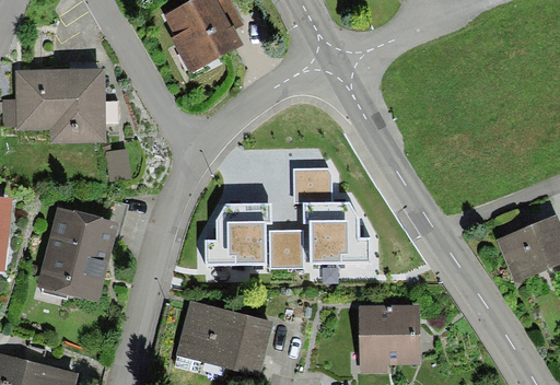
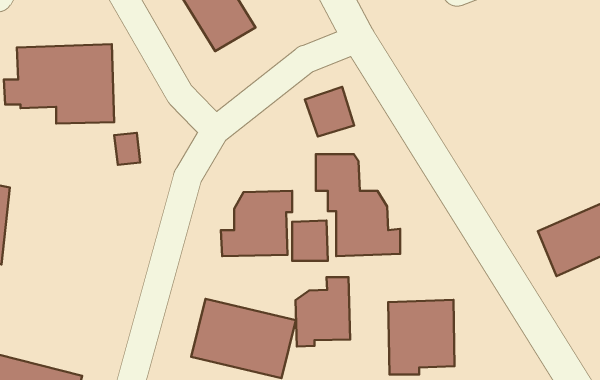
building: none -> [305,87,354,137]
building: [36,206,119,302] -> none
building: none -> [296,277,350,347]

